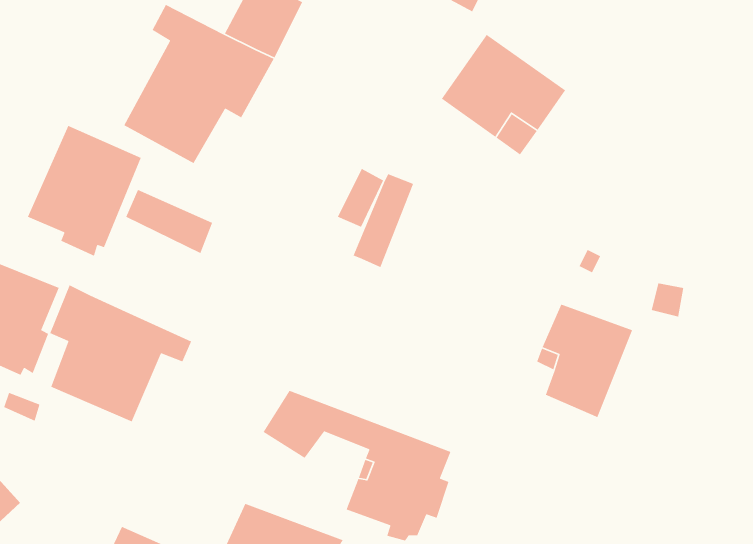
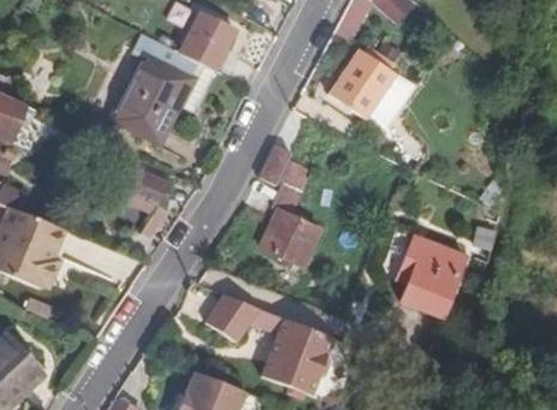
building: [27,125,142,257] -> none
building: none -> [256,208,316,266]
building: [49,284,192,422] -> none

